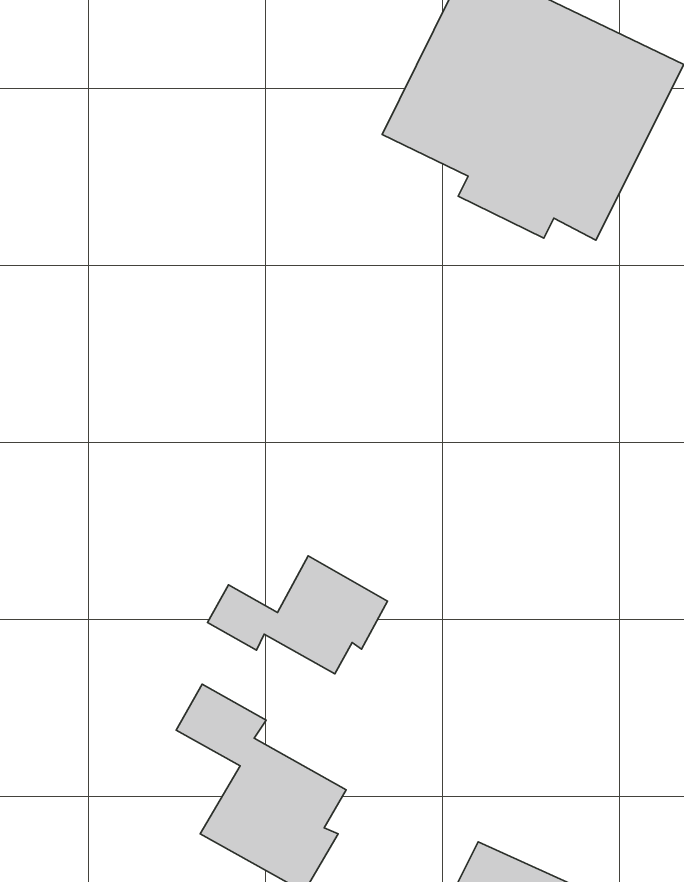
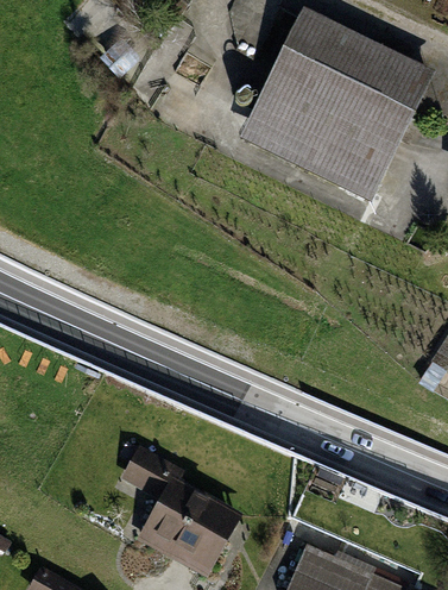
building: [208,556,388,674] -> none

